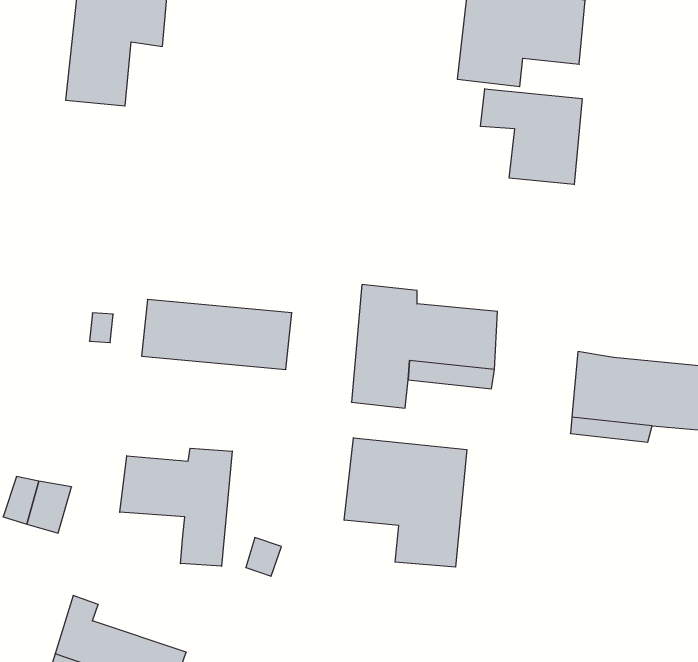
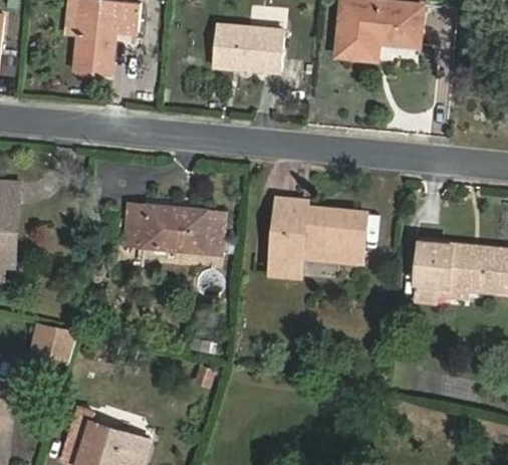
building: none -> [213,22,285,70]
building: [480,89,582,185] -> none
building: [344,438,467,567] -> none
building: [120,448,232,566] -> none

